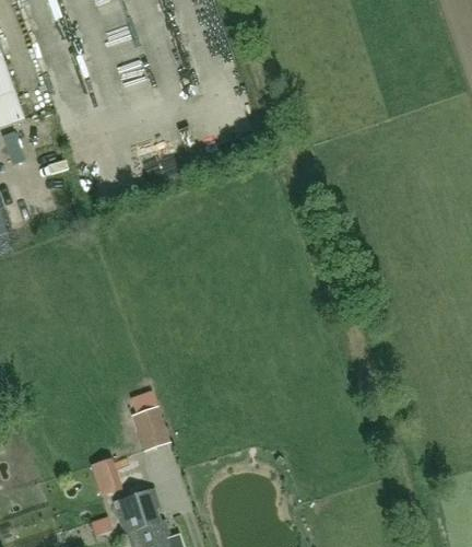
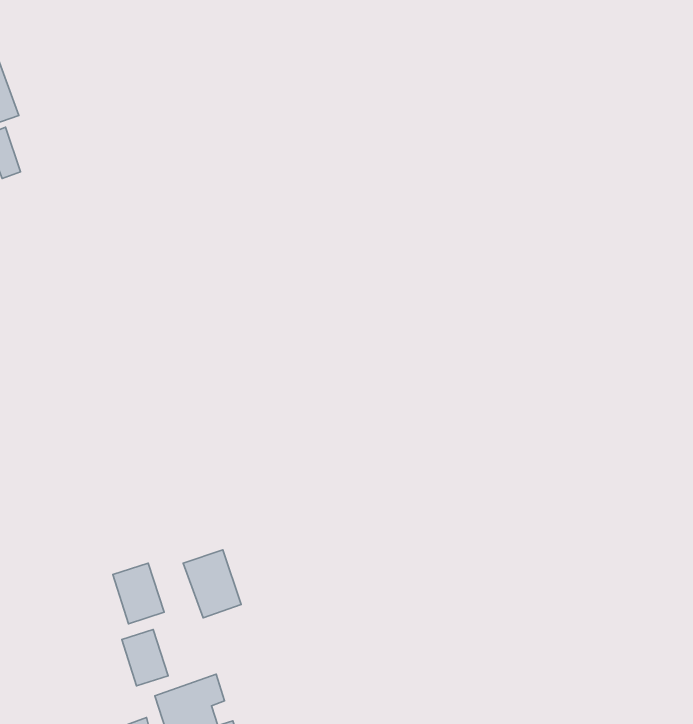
building: none -> [113,563,164,624]

